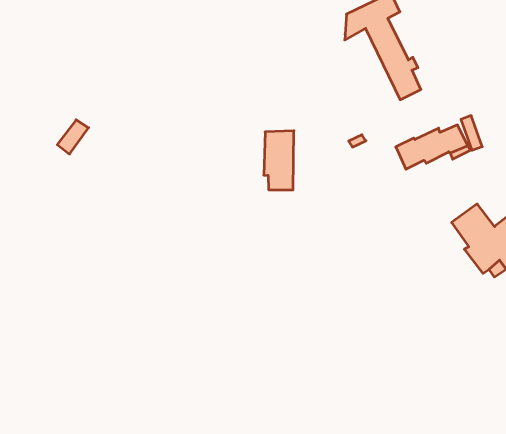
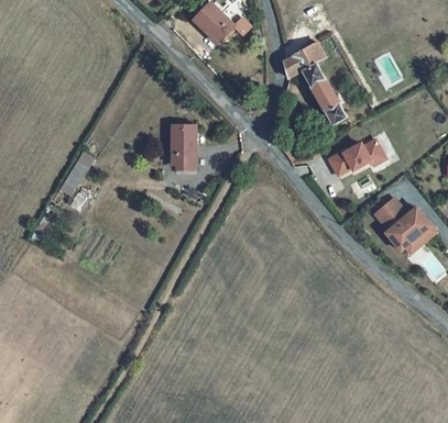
building: [264,131,294,190] -> [171,124,195,170]

